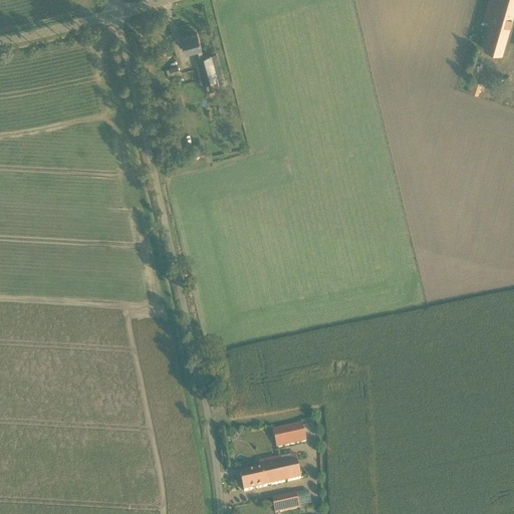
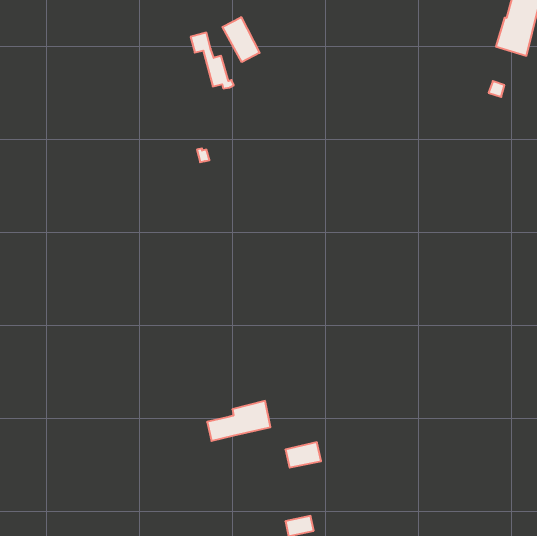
building: none -> [222,17,260,62]
building: [241,452,301,490] -> [207,401,270,441]

